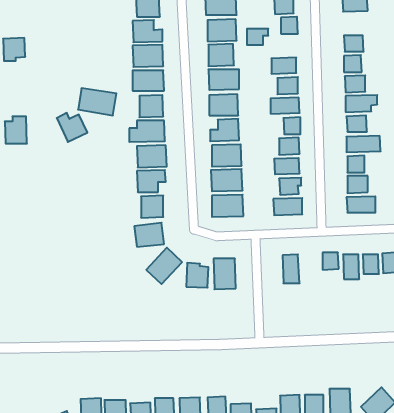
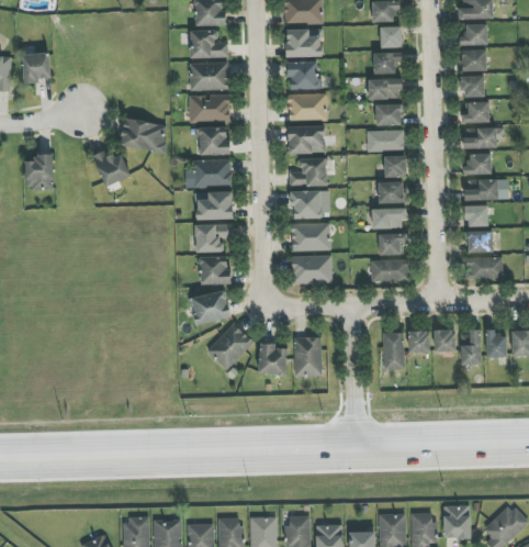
building: none -> [459,24,486,45]
building: [247,29,268,45] -> [373,53,401,74]
building: none -> [408,331,429,353]

